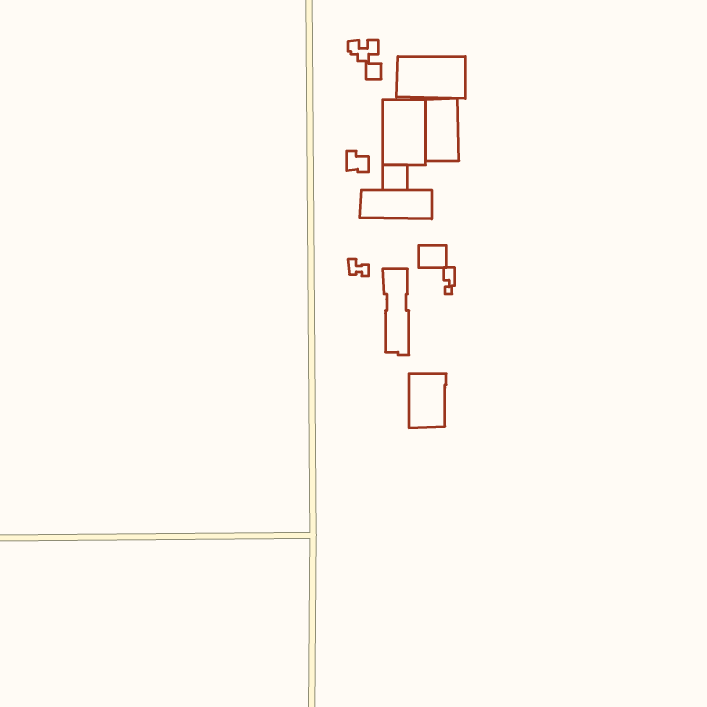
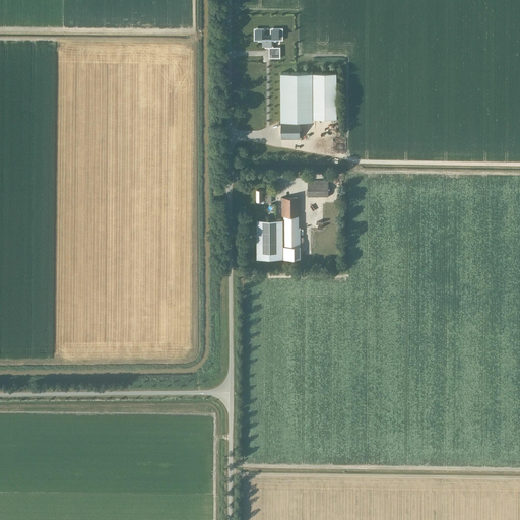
building: [396,56,465,99] -> none
building: [360,190,432,219] -> none
building: [409,374,446,428] -> [256,220,283,260]

